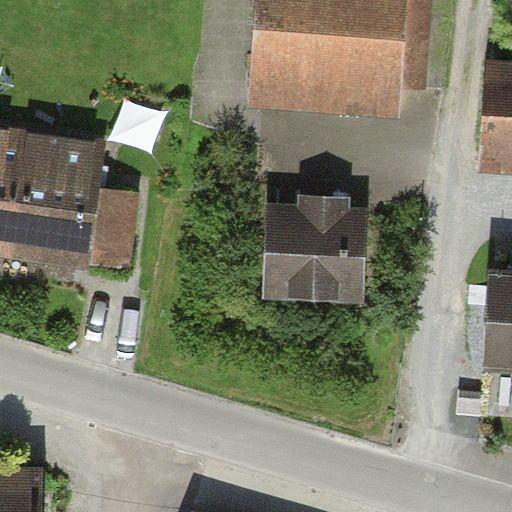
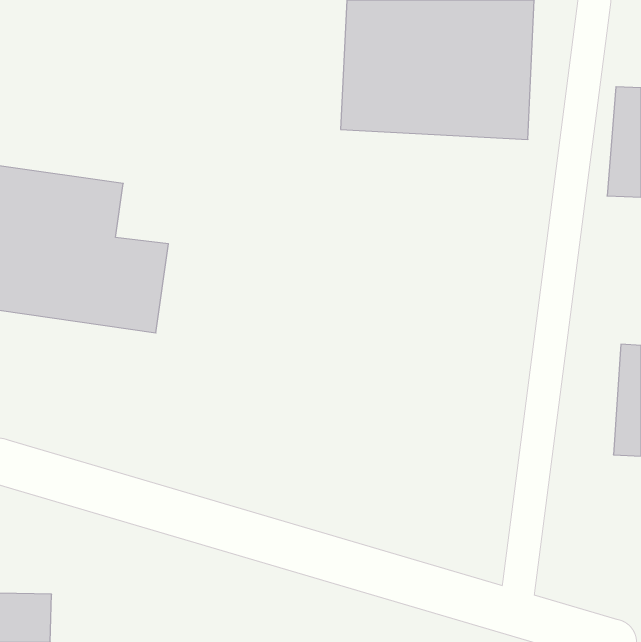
building: [268,199,363,295] -> none

